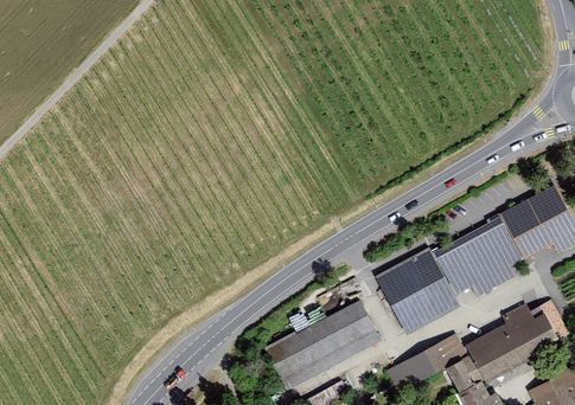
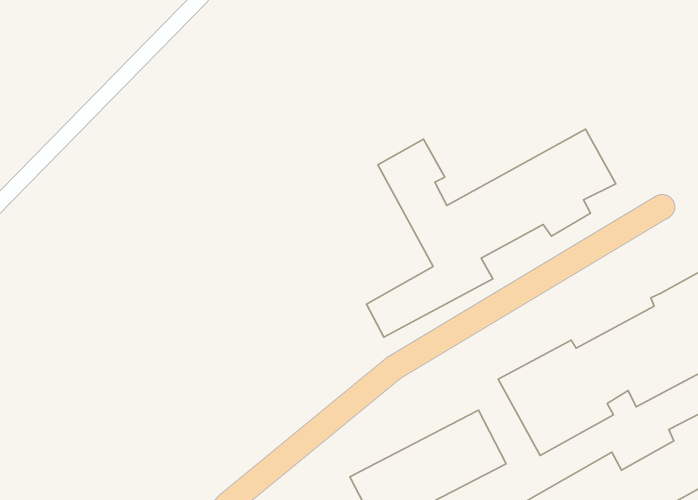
building: none -> [366,129,616,337]

